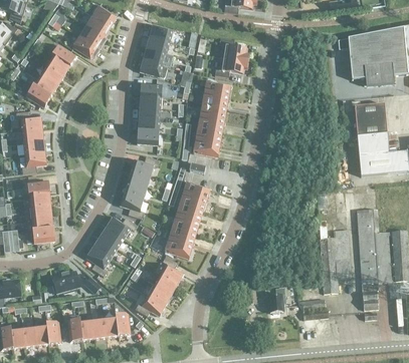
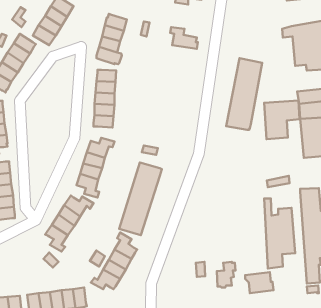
building: [214,56,246,76] -> none
building: [192,79,230,155] -> [226,58,262,130]
building: none -> [264,100,300,139]
building: [51,270,79,292] -> none

